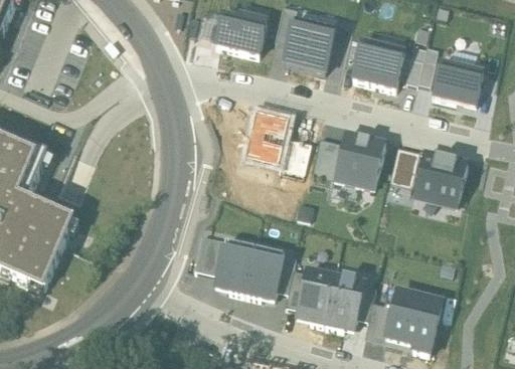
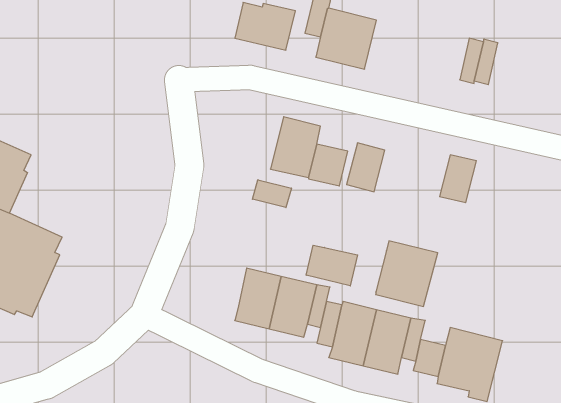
building: [352,42,404,89] -> none
building: [432,62,483,107] -> none
building: [333,133,385,188] -> [376,241,438,306]
building: [414,153,467,206] -> none
building: none -> [252,180,291,208]
building: none -> [306,245,358,286]
building: [194,234,225,273] -> none

